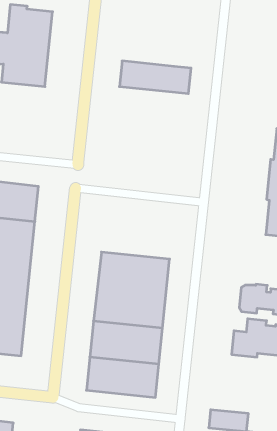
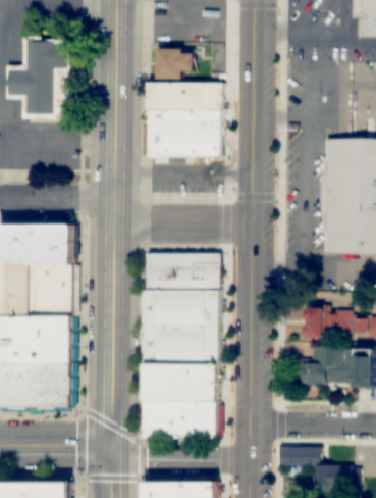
building: none -> [152,48,190,79]
building: none -> [148,110,222,157]
building: none -> [147,252,220,289]

